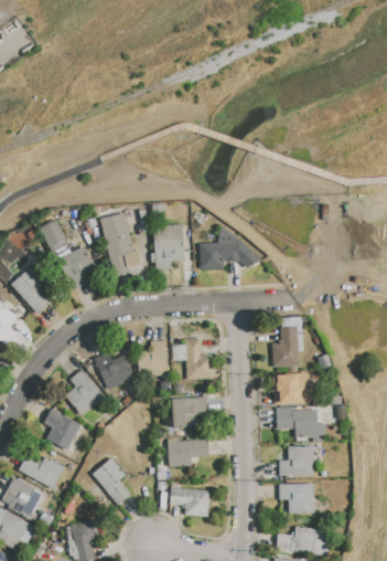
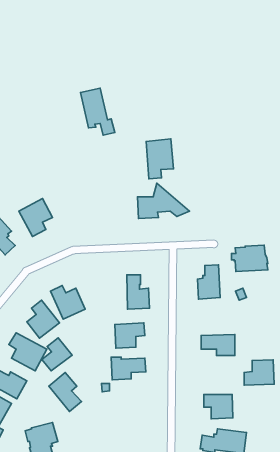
building: [100,212,142,269] -> [80,88,115,135]
building: [40,219,71,253] -> none
building: [153,223,186,272] -> [146,139,173,179]
building: [138,340,169,379] -> none
building: [270,372,314,404] -> [231,245,268,272]
building: none -> [42,338,72,371]
building: [279,445,315,476] -> [244,360,274,385]
building: [170,487,211,517] -> none

